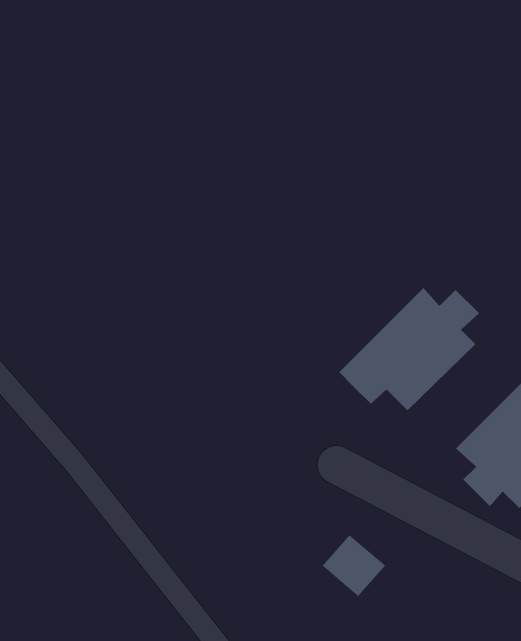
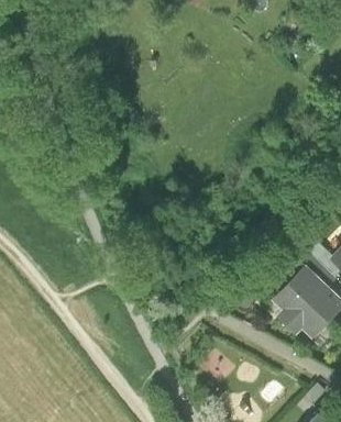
building: [338,287,480,411] -> none

